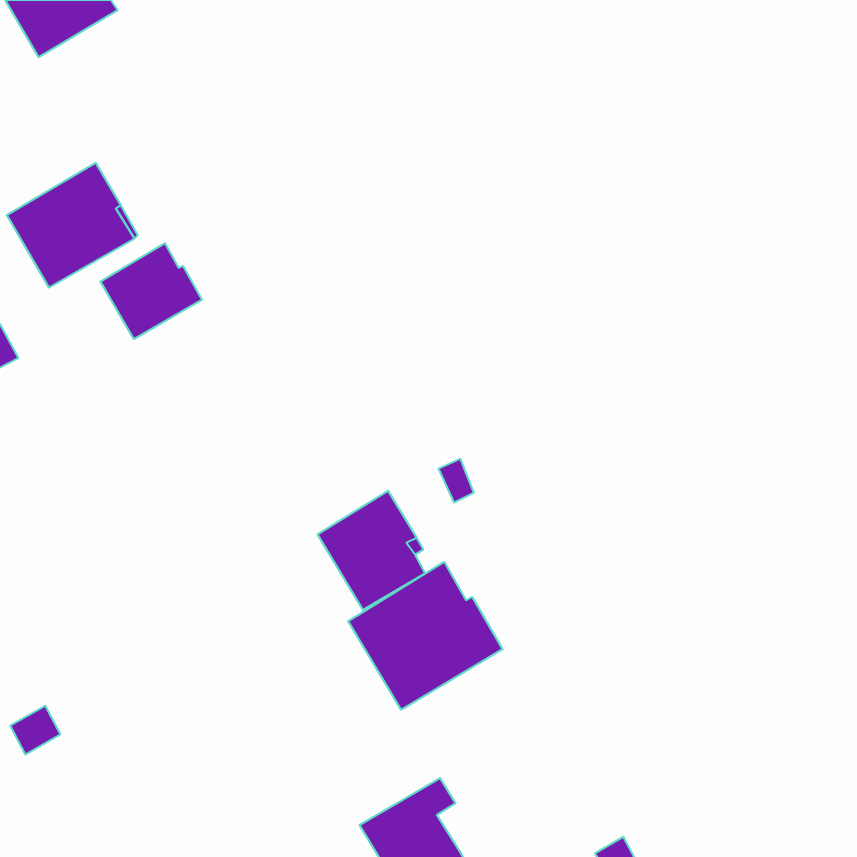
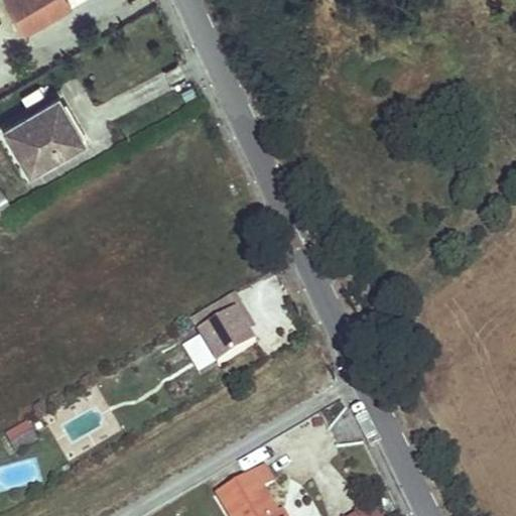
building: [100,243,202,339] -> none
building: [348,562,503,710] -> none

